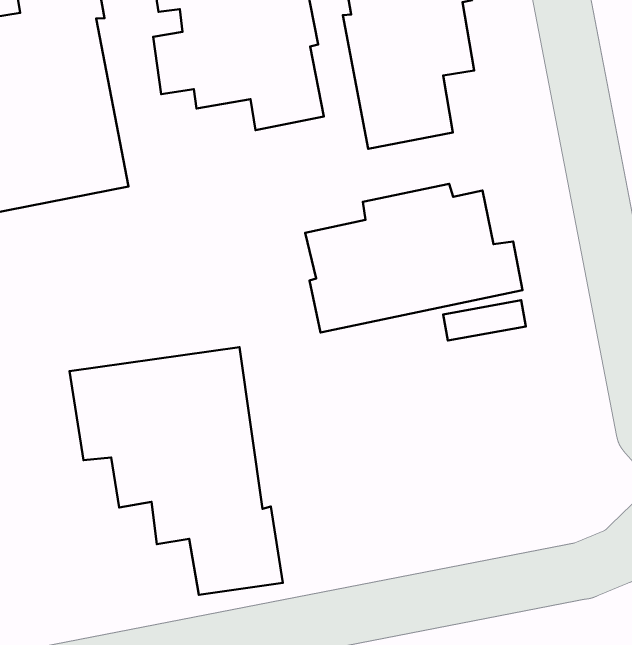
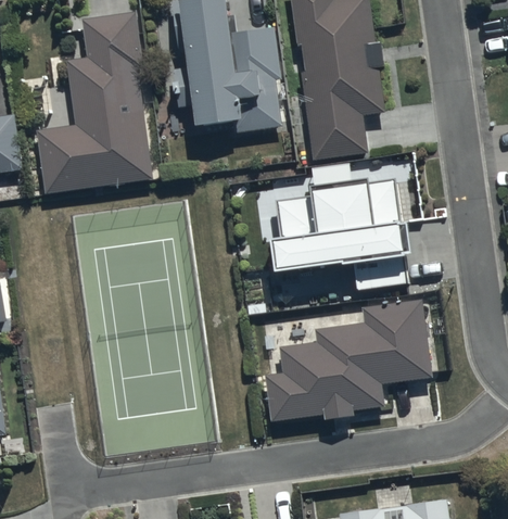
building: [69,347,283,595] -> none
building: none -> [264,300,431,418]

